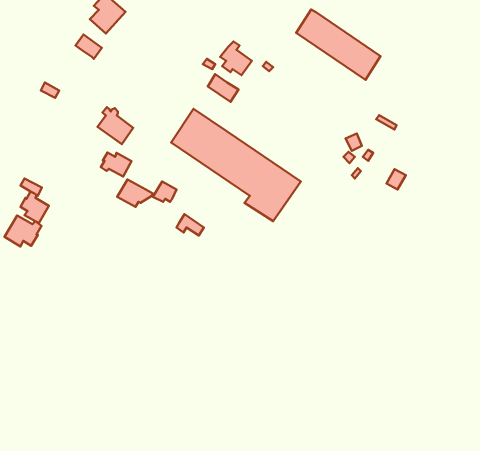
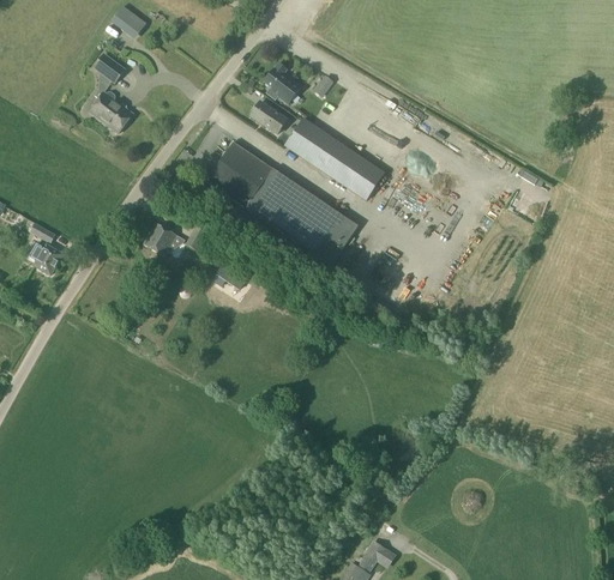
building: [296,9,381,80] -> [283,116,383,199]
building: [98,107,133,144] -> [88,89,130,132]
building: [101,153,132,177] -> none
building: [5,216,42,247] -> none

